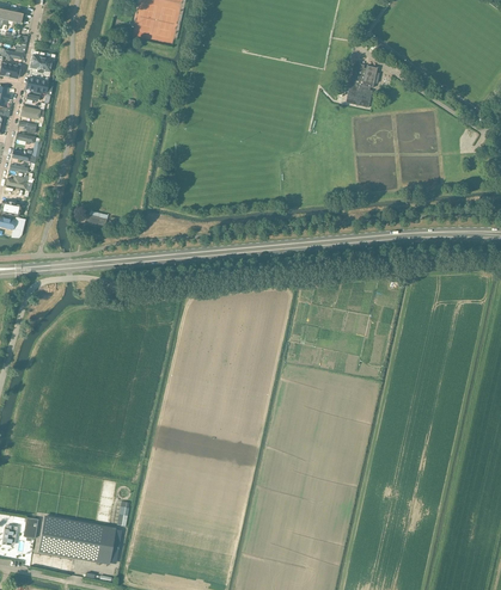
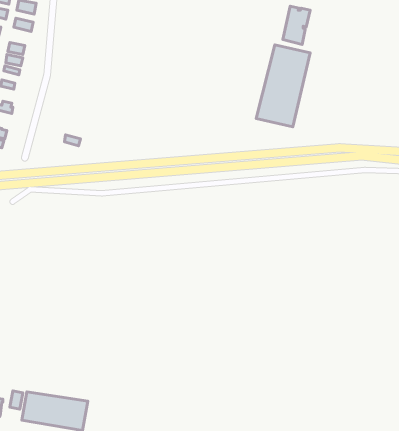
building: none -> [256,45,310,127]

